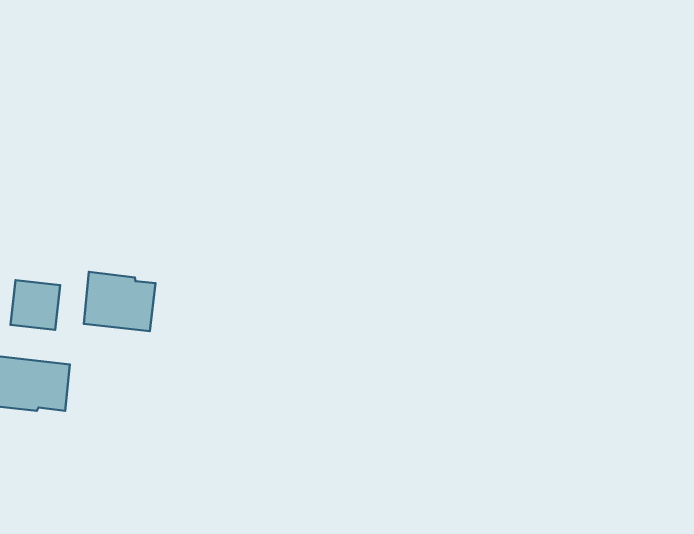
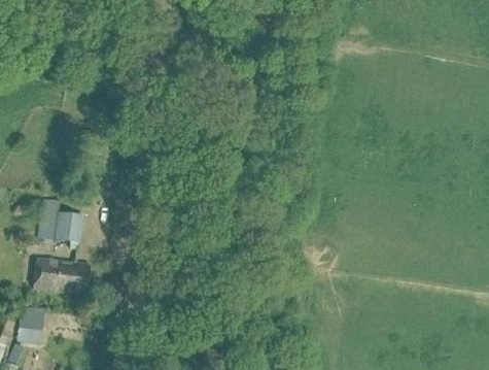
building: [84,272,155,331] -> none

